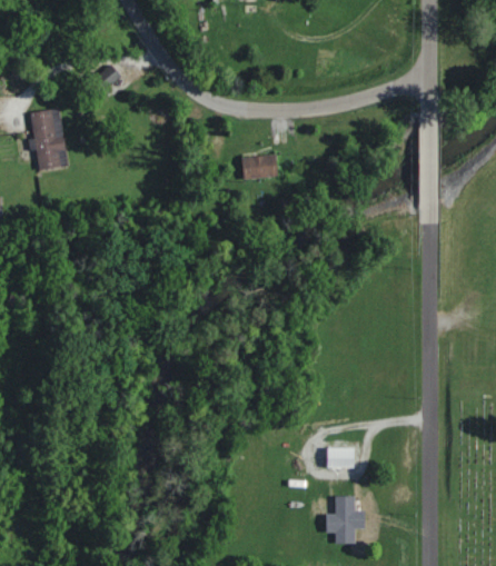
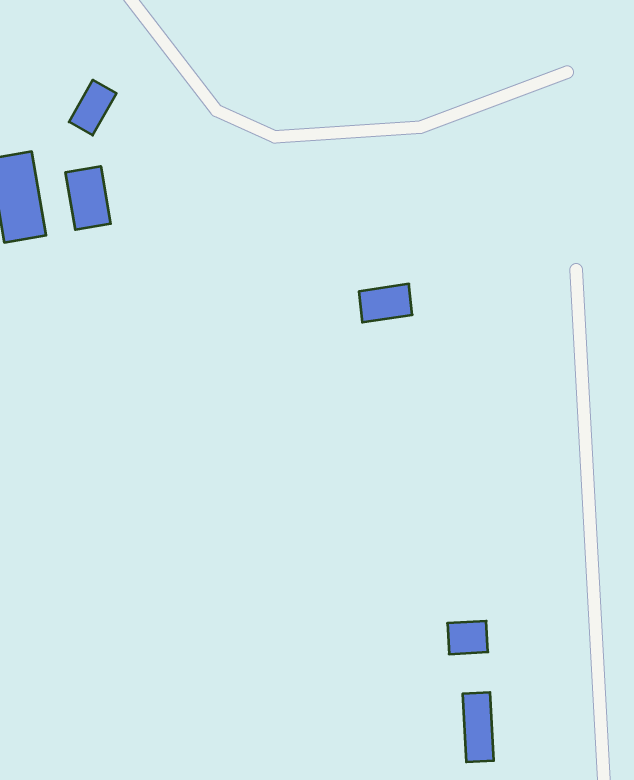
building: none -> [66,166,111,230]
building: [241,155,277,179] -> [359,284,412,322]

